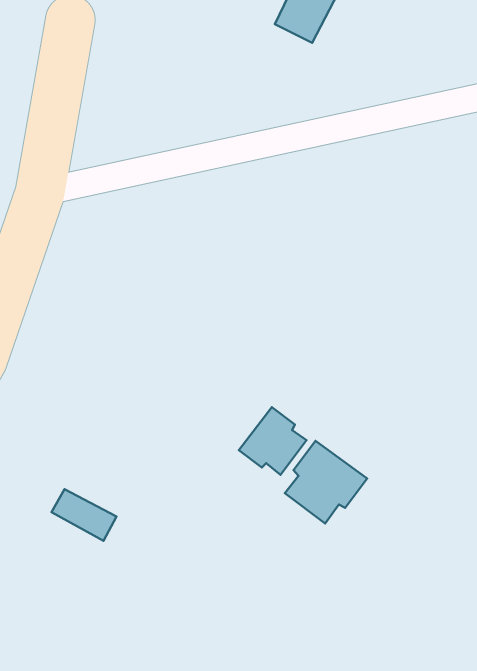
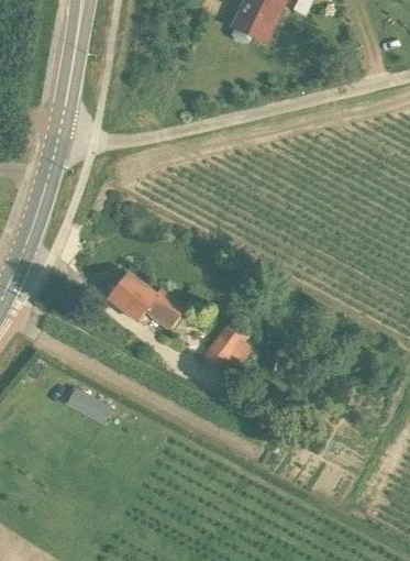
building: none -> [108,273,185,328]
building: [285,441,367,524] -> none

